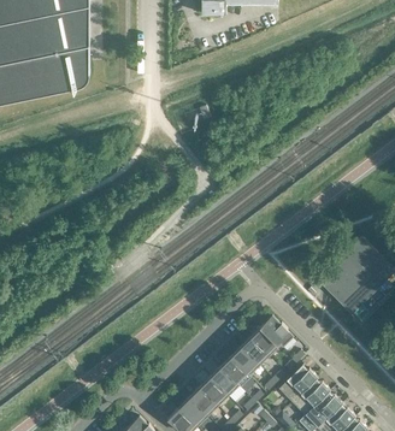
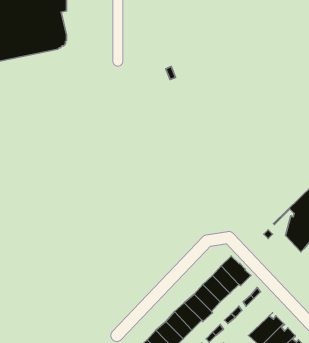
building: [277,364,316,401] -> none

